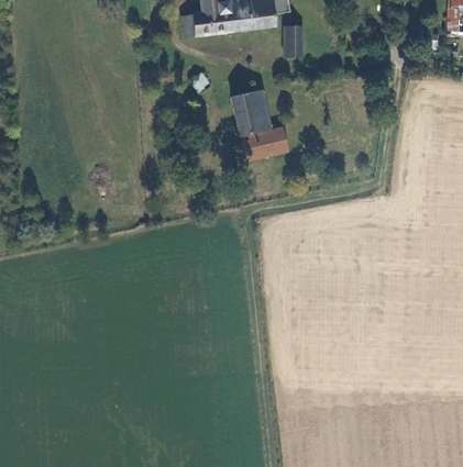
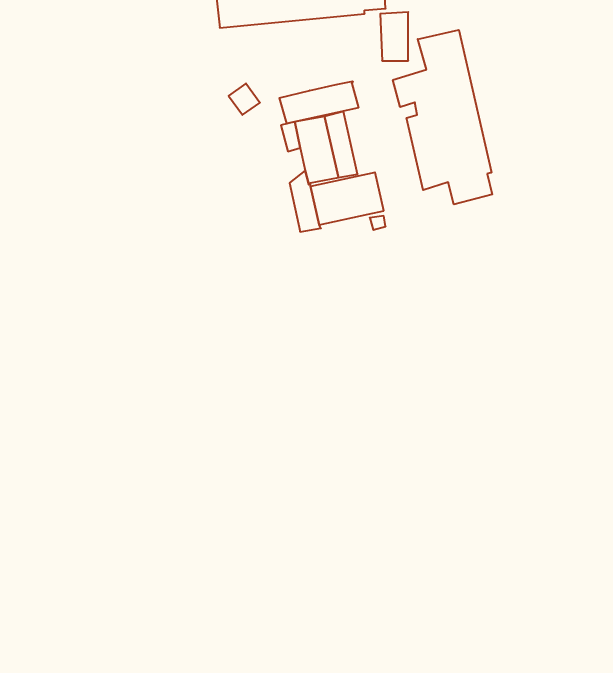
building: none -> [393,30,492,204]
building: none -> [279,81,358,124]

